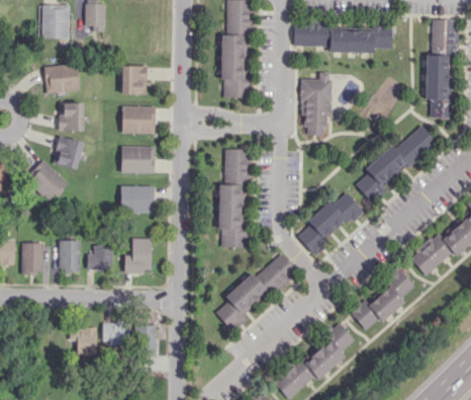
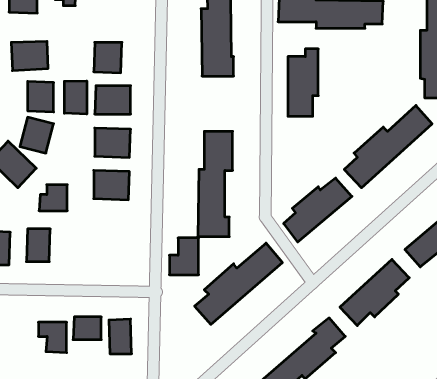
building: none -> [64,81,87,114]
building: [124,238,152,272] -> [169,238,199,275]
building: [87,245,113,269] -> [39,185,67,211]

